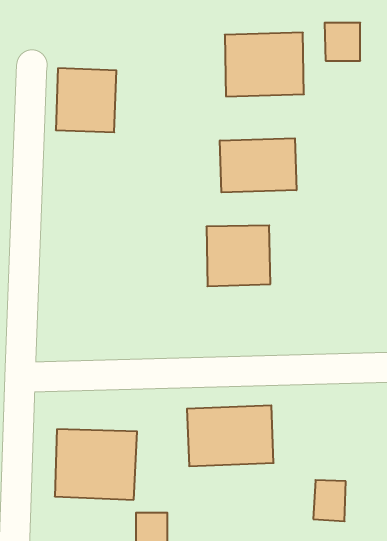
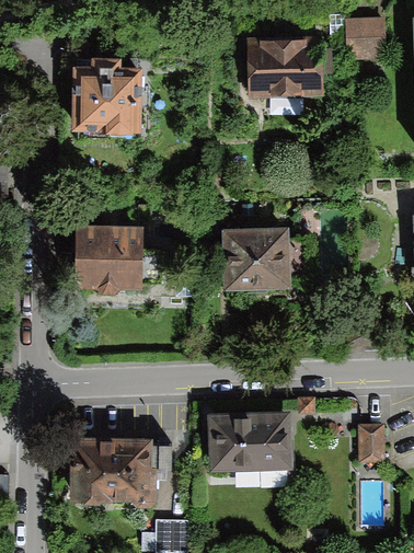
building: [220,138,296,192] -> none
building: none -> [71,220,146,290]
building: [313,480,346,521] -> [350,422,383,463]

